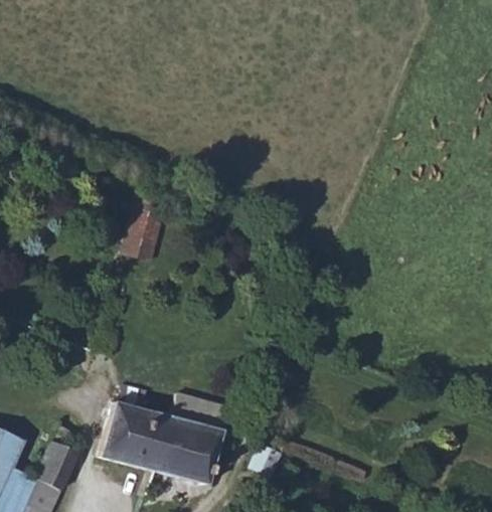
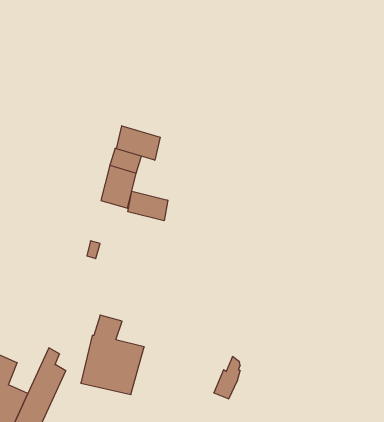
building: none -> [116,126,160,160]
building: none -> [128,191,168,221]
building: [154,399,227,489] -> none

